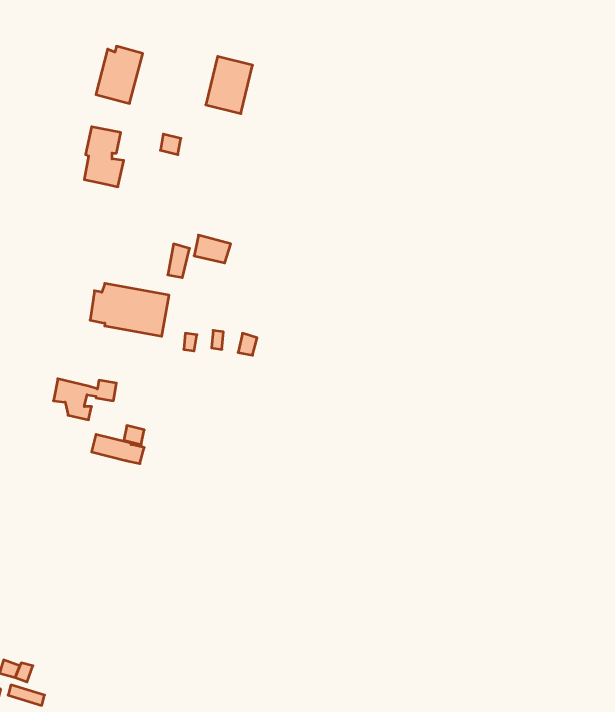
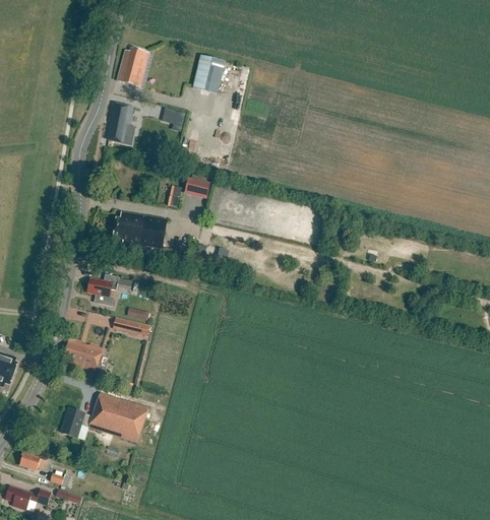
building: none -> [62,338,103,371]
building: none -> [62,392,148,443]

